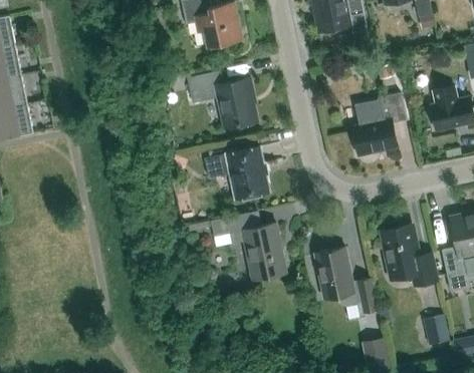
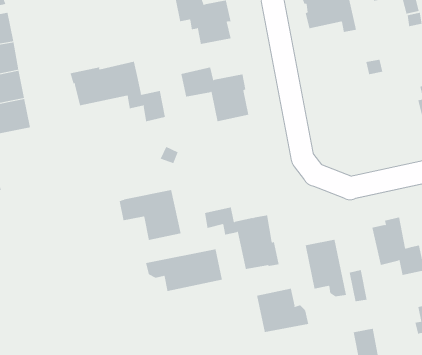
building: none -> [70,61,166,122]
building: [352,92,406,154] -> none
building: [205,146,269,199] -> [119,190,182,240]
building: none -> [145,248,223,292]
building: none -> [257,288,309,333]

